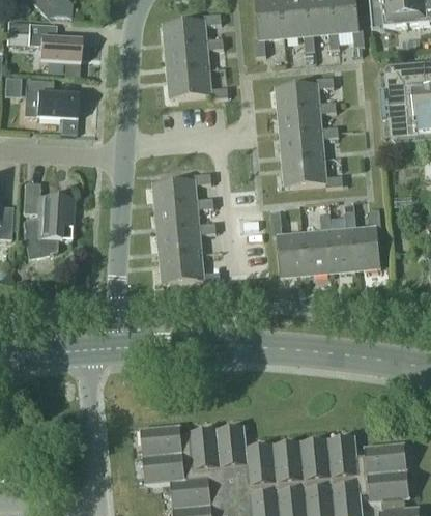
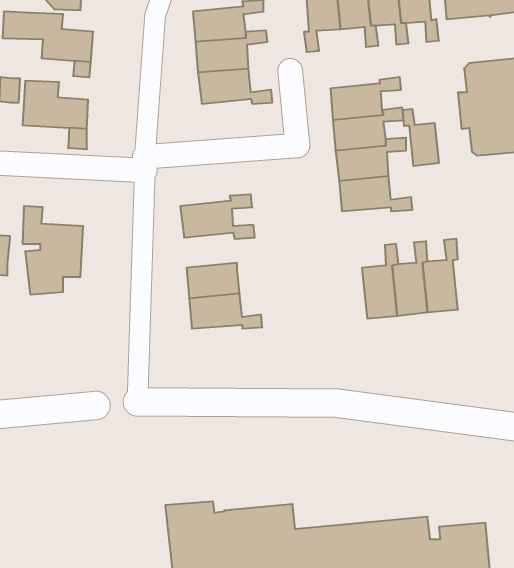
building: none -> [403,109,439,166]
building: [155,203,216,233] -> none
building: [270,218,306,276] -> none

